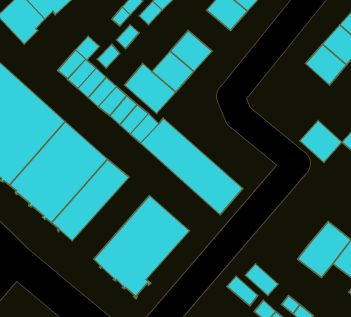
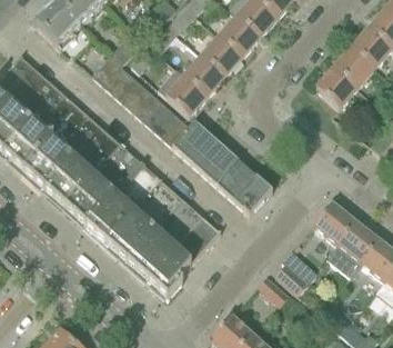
building: none -> [220,16,261,56]
building: [300,120,342,163] -> [316,68,357,109]
building: none -> [105,179,182,259]
building: none -> [314,203,356,245]

